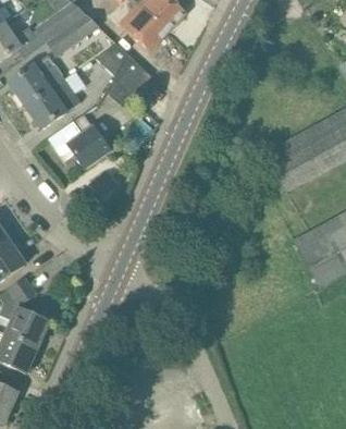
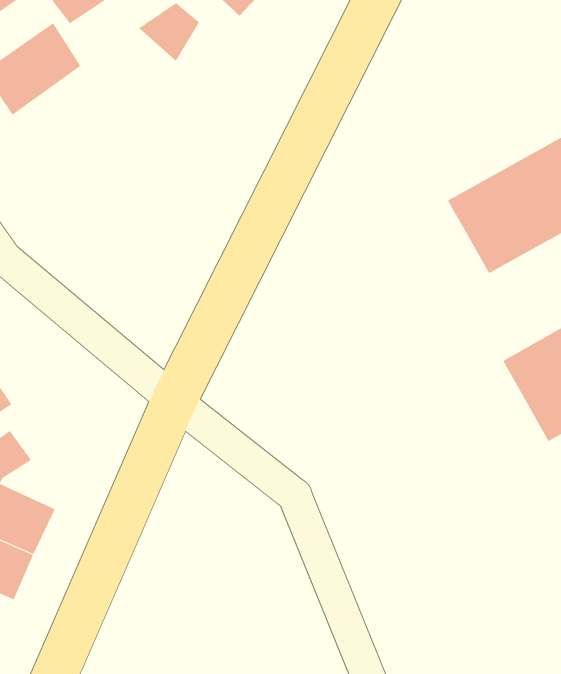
building: [113,53,151,95] -> none
building: [25,77,81,128] -> none
building: [49,112,110,168] -> none

